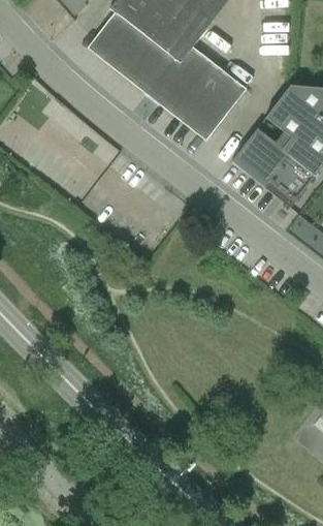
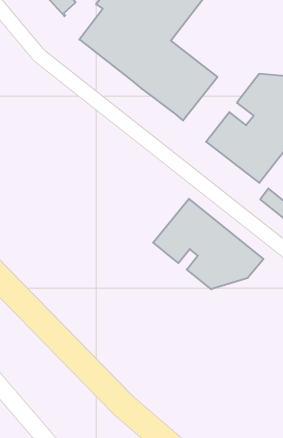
building: none -> [153,199,263,289]

